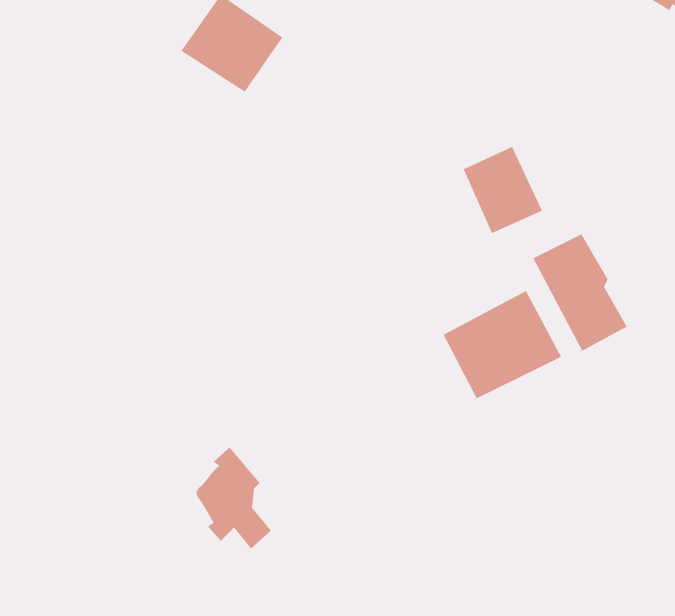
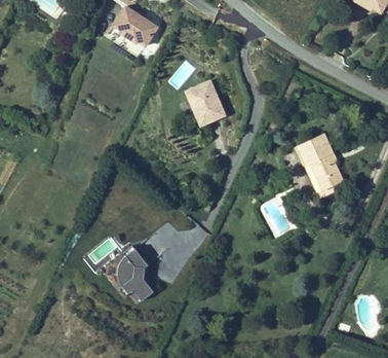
building: [463,146,543,234] -> [187,76,230,123]
building: [443,290,562,399] -> none

